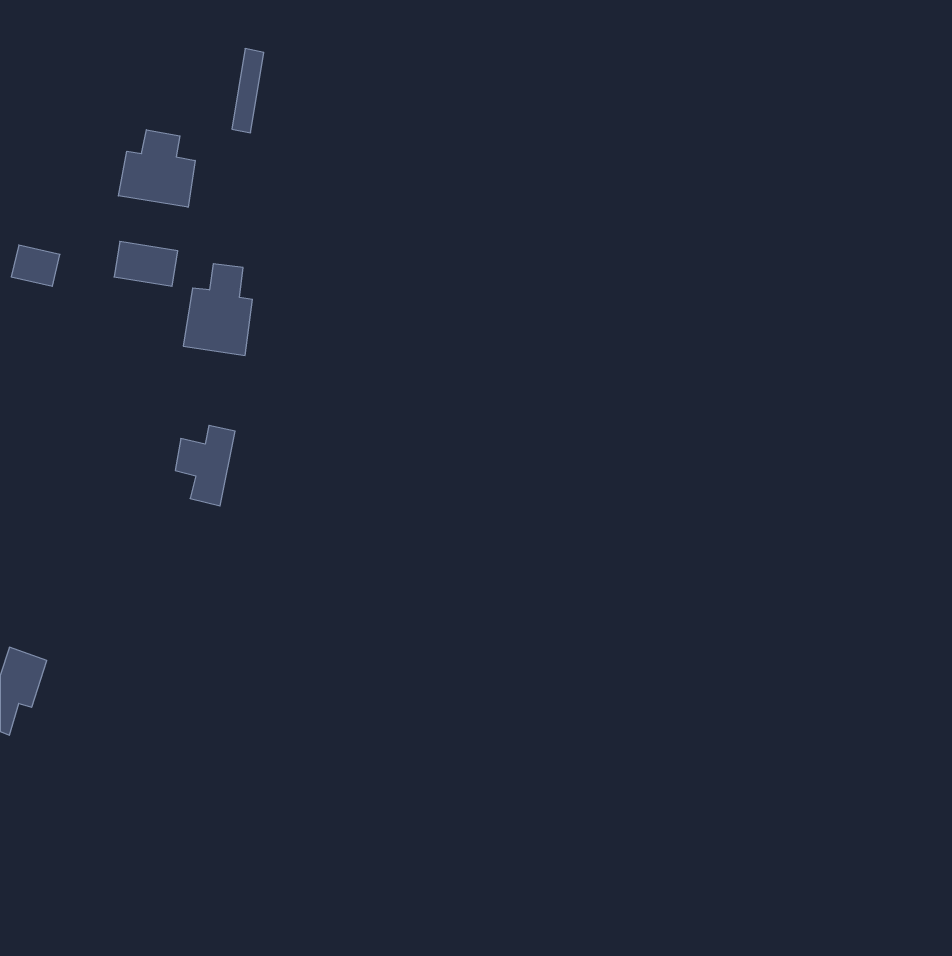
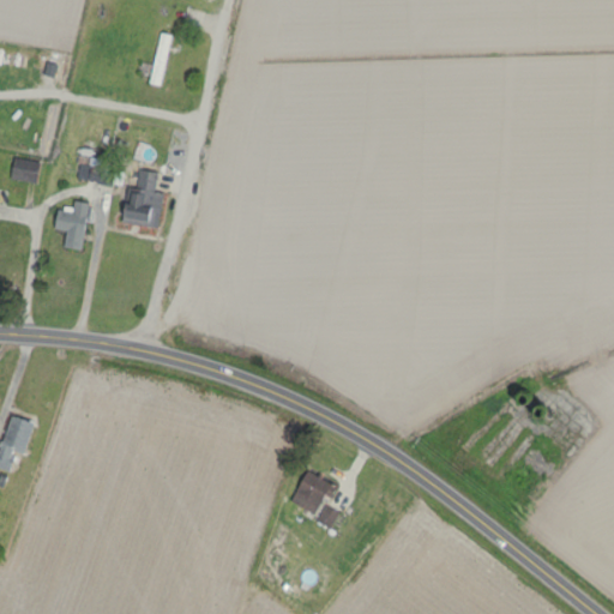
building: [118,130,195,207] -> none
building: [175,425,235,506] -> [53,199,91,251]
building: none -> [289,470,339,525]

